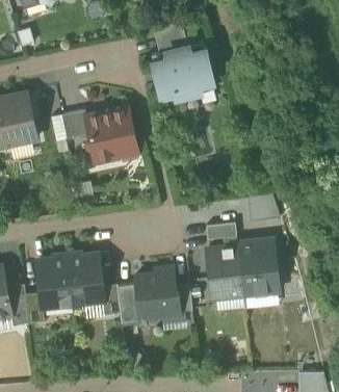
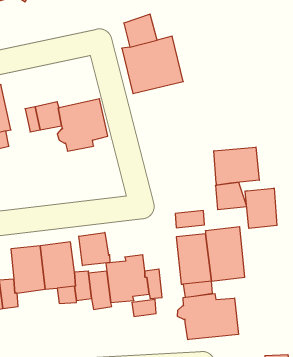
building: none -> [214,147,259,185]
building: none -> [245,188,277,228]
building: none -> [79,232,110,266]
building: none -> [178,294,238,340]

